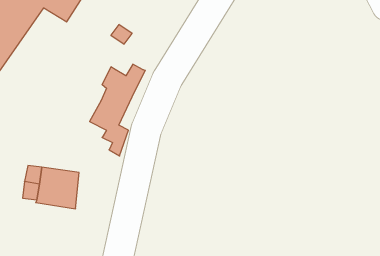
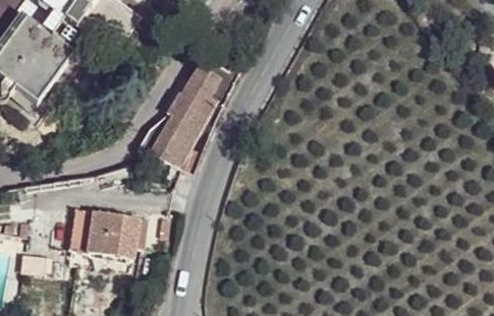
building: none -> [182,56,229,104]

